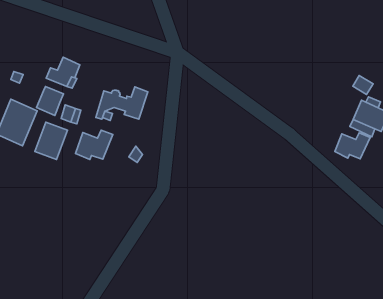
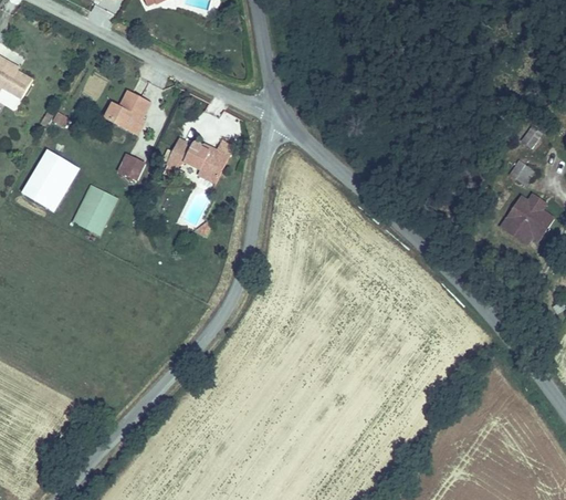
building: [36,86,63,115] -> none
building: [76,130,113,160] -> none
building: [335,133,370,159] -> none

